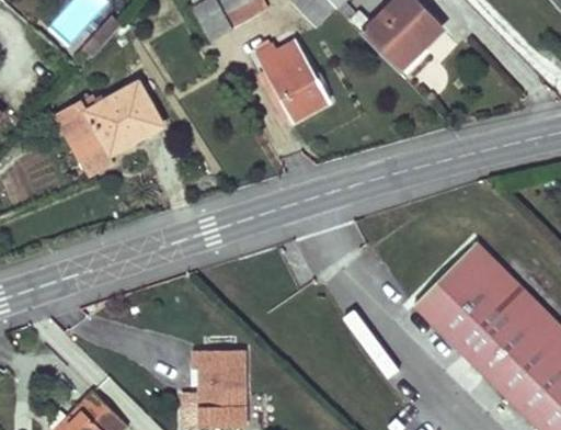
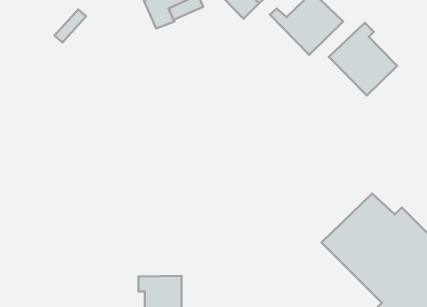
building: none -> [329,23,397,96]
building: [255,39,331,120] -> none
building: [57,82,161,154] -> none

